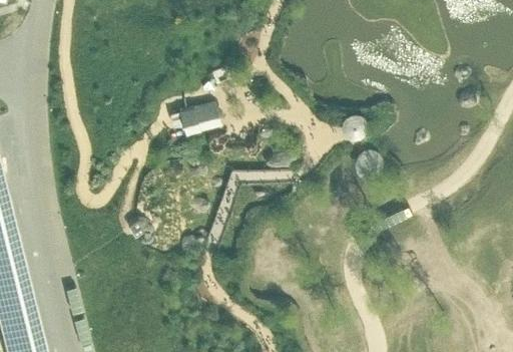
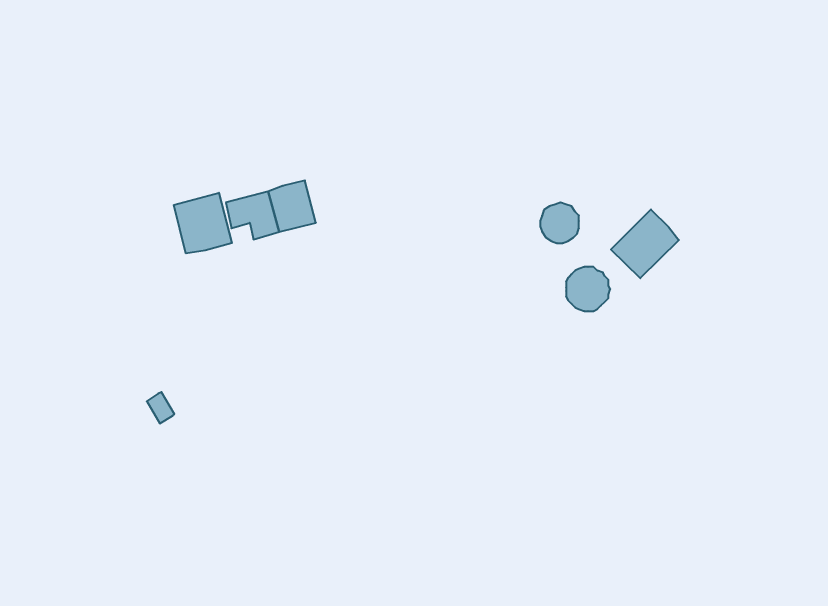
building: none -> [174,193,232,253]
building: none -> [611,209,679,278]

